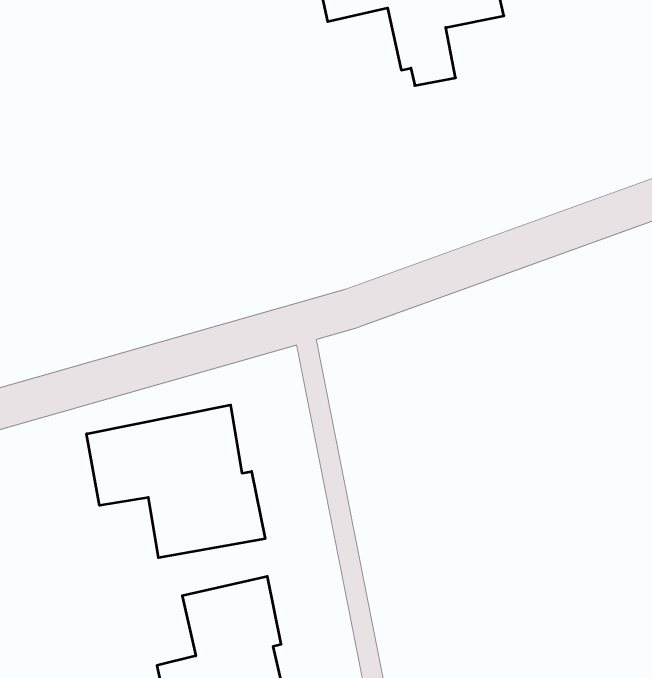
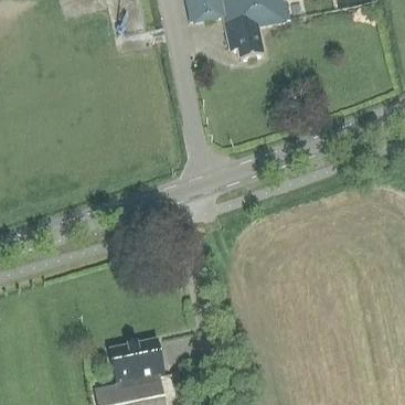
building: [87,405,265,558] -> none

